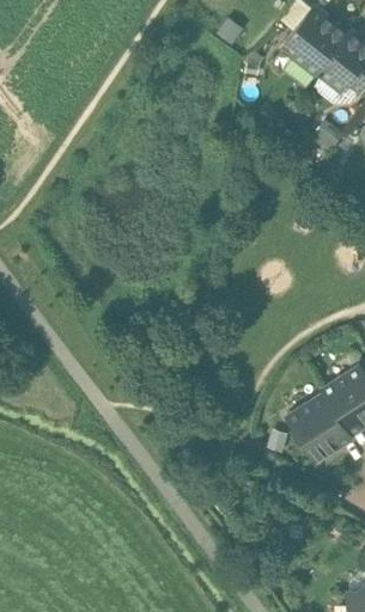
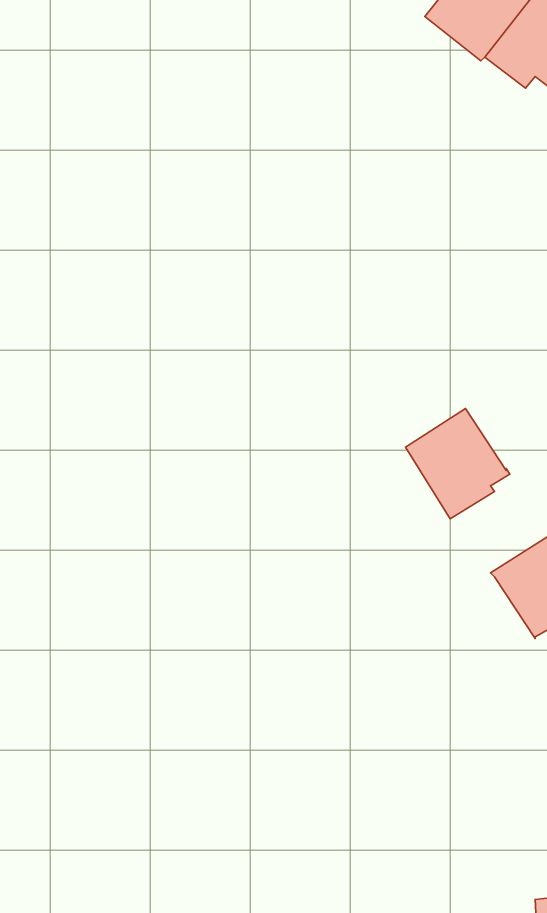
building: [285,394,349,463] -> [406,409,510,519]

